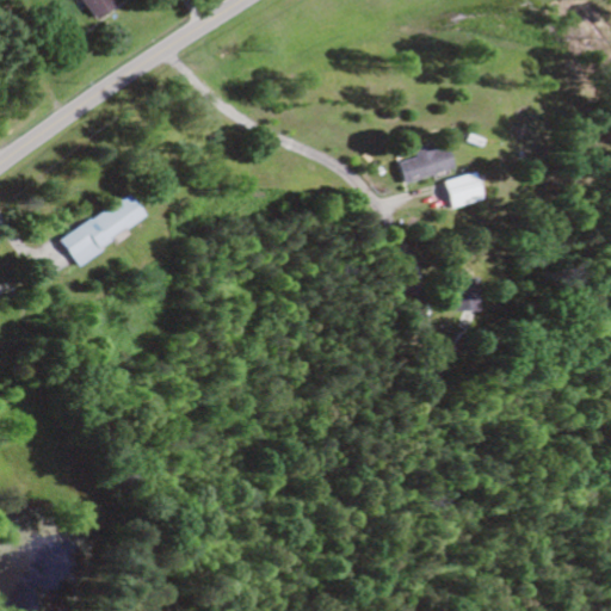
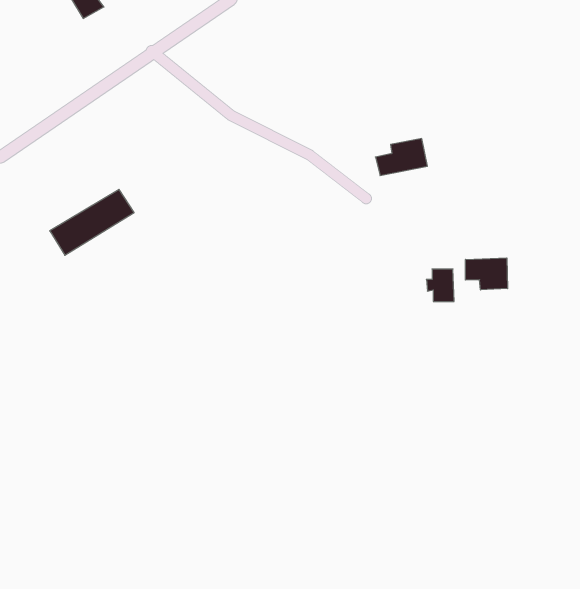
building: [444,173,481,209] -> none
building: none -> [466,258,508,290]

